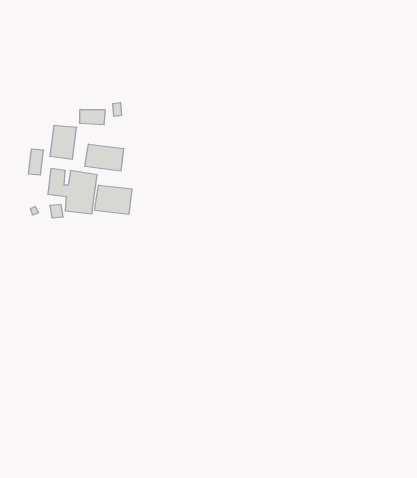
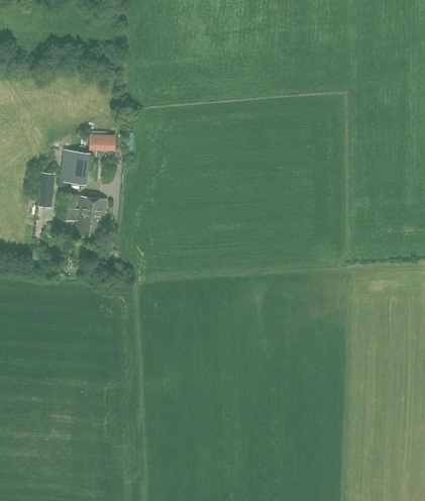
building: [85,144,124,171] -> none
building: [95,185,132,214] -> none

